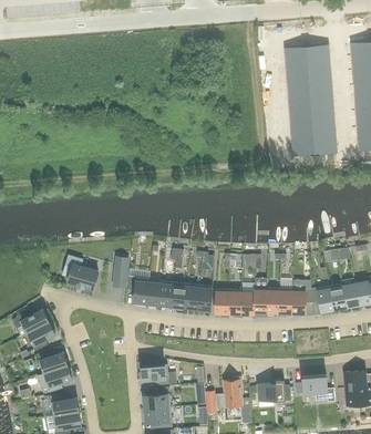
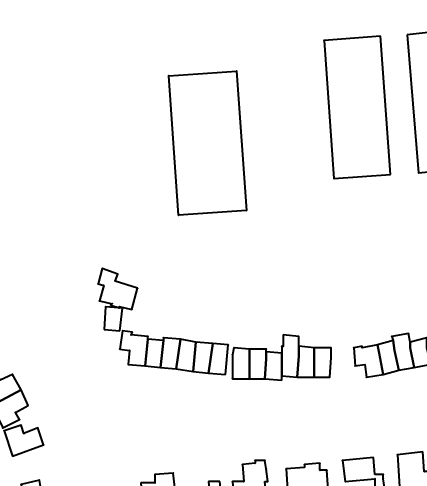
building: none -> [169,71,246,215]
building: [65,257,96,289] -> [98,268,138,309]
building: [290,281,310,313] -> none
building: [140,364,174,386] -> none
building: [37,365,70,393] -> none

